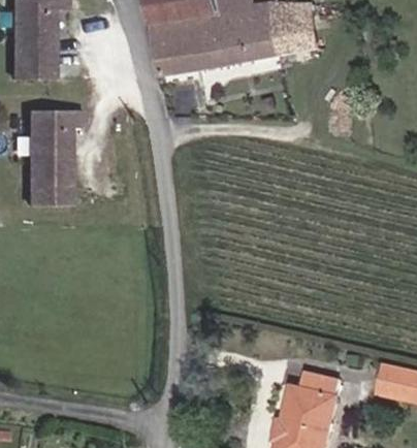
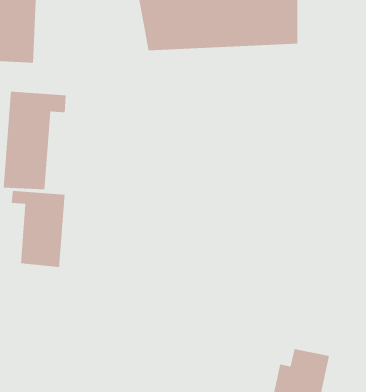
building: none -> [11,190,65,268]

